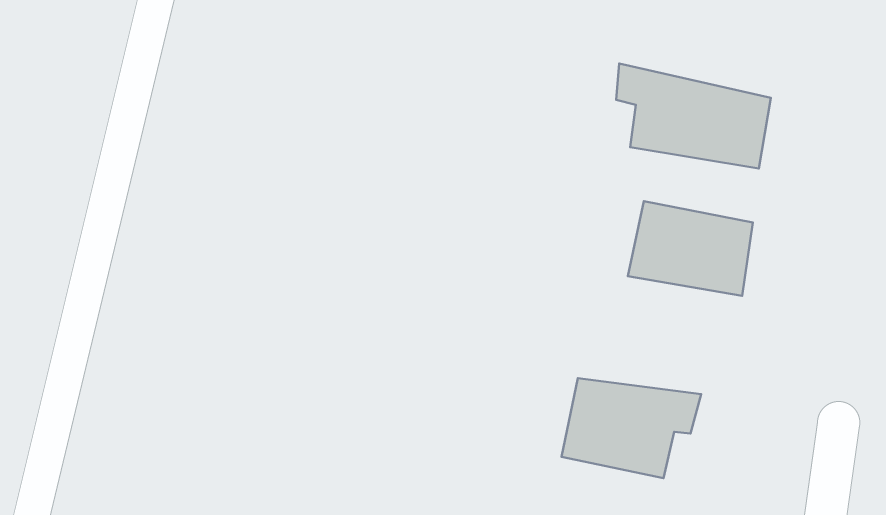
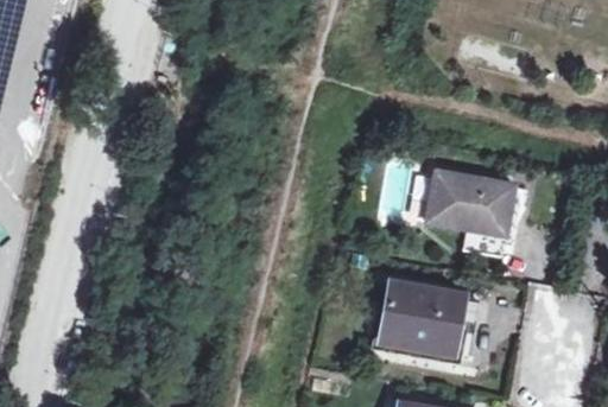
building: [616,63,771,169] -> none

